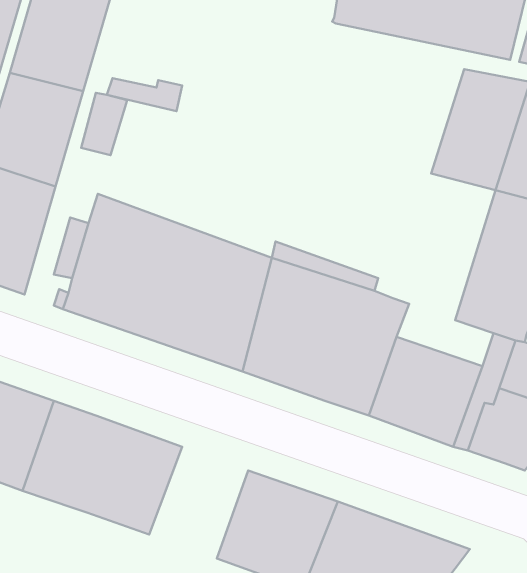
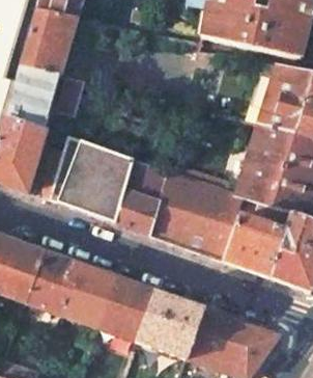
building: none -> [235,122,293,205]
building: none -> [97,276,153,340]

